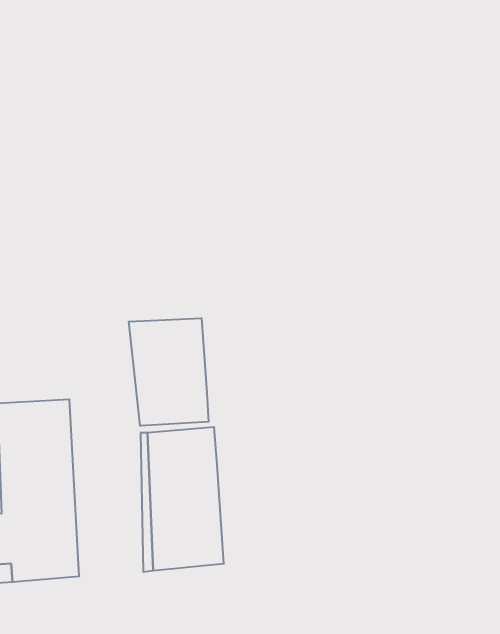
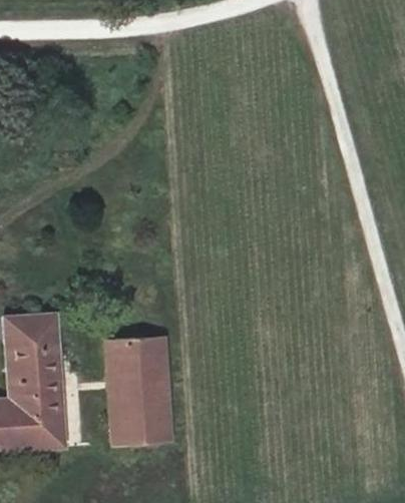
building: [129,318,209,426] -> none

